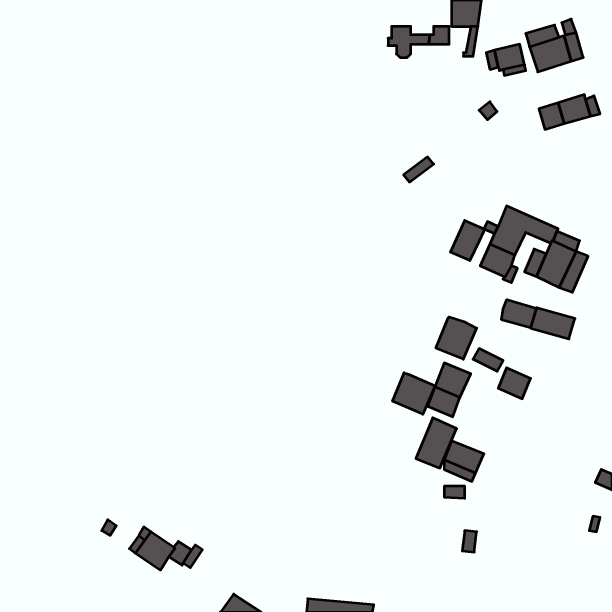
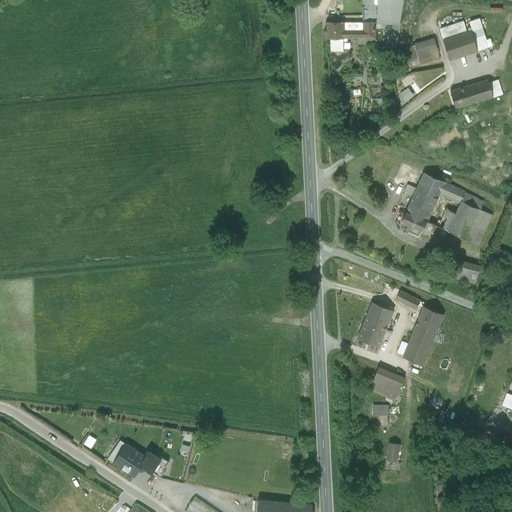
building: [451,220,484,261] -> none
building: [501,300,536,328] -> none
building: [436,317,477,359] -> none
building: [393,373,435,414] -> none
building: [416,418,457,468] -> [402,324,436,366]

